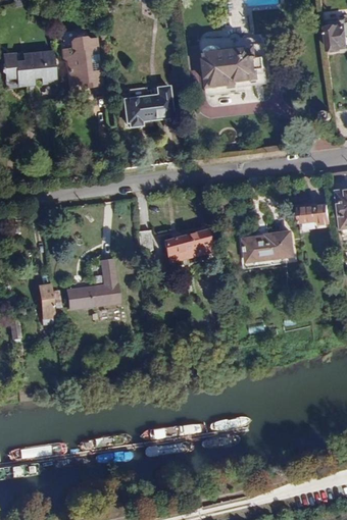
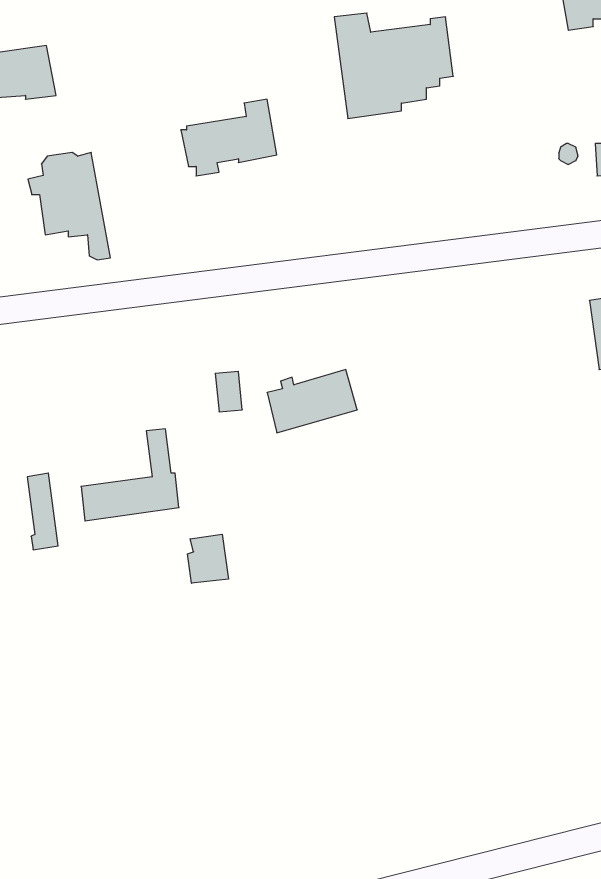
building: [57,39,101,96] -> [28,152,110,260]
building: [298,201,331,220] -> none
building: [250,235,297,263] -> none
building: none -> [188,534,228,583]

